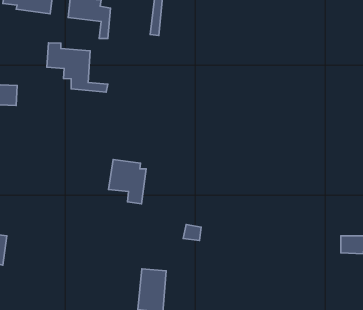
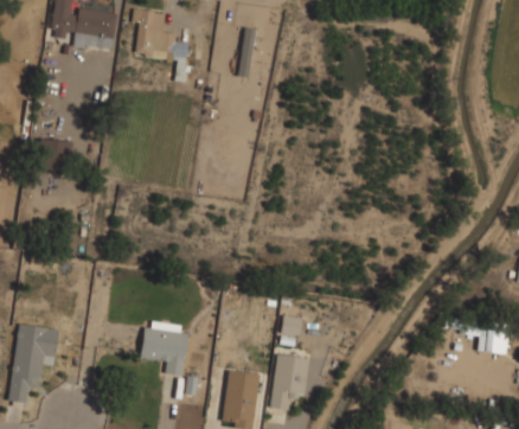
building: [47,43,108,92] -> none
building: [109,159,146,204] -> [142,320,190,376]
building: none -> [270,353,310,410]

